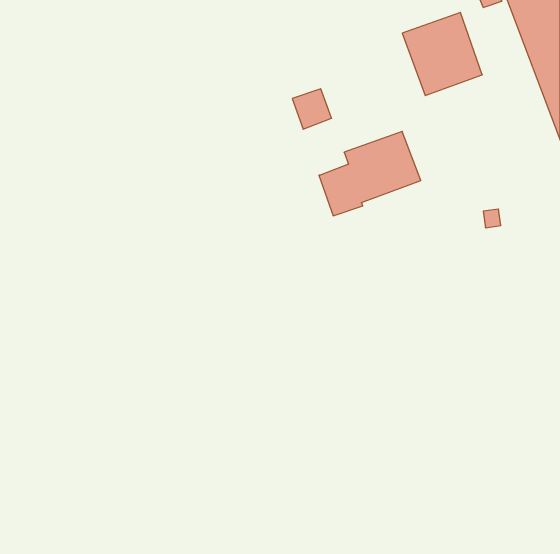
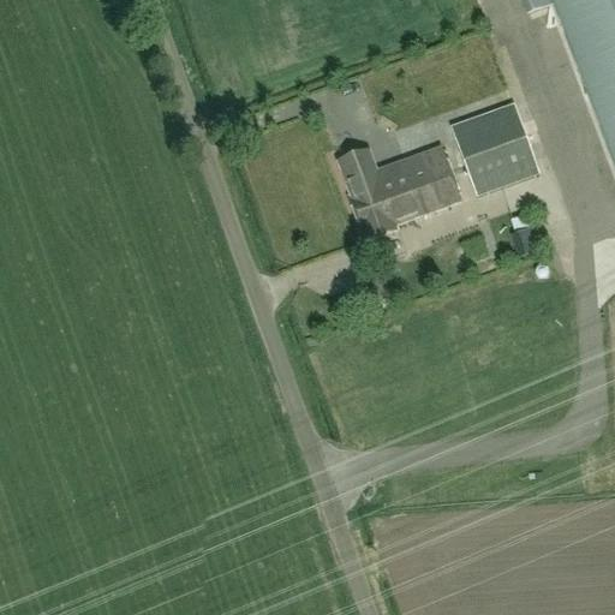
building: [402,12,482,96] -> [452,101,539,192]
building: [292,89,332,129] -> [339,148,382,192]

